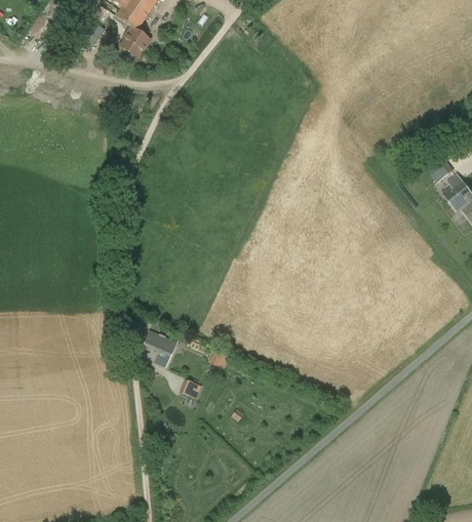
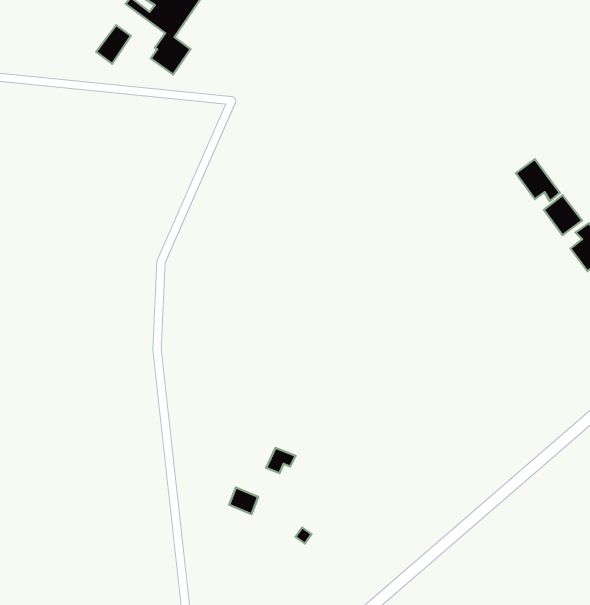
building: none -> [516,159,560,201]
building: [139,331,175,366] -> none

